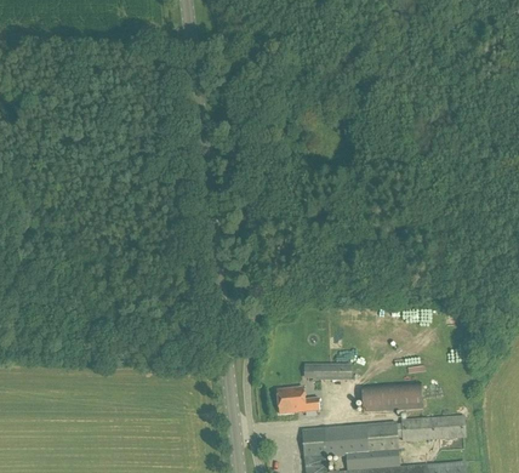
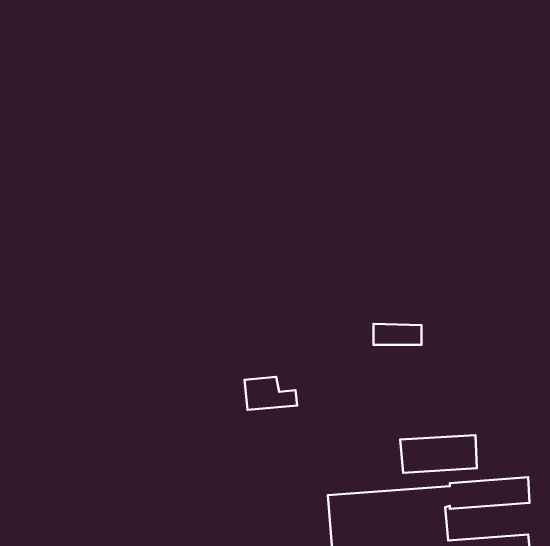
building: [312,363,350,380] -> [373,324,421,345]
building: [276,386,319,412] -> [244,377,297,410]

